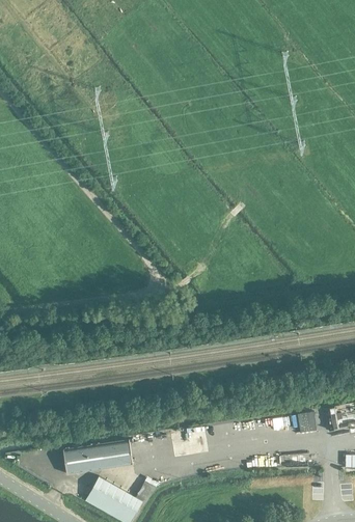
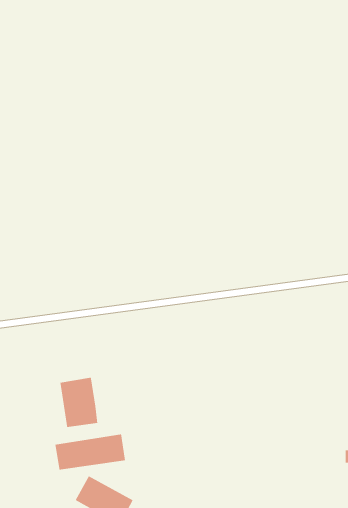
building: none -> [60,377,98,428]

